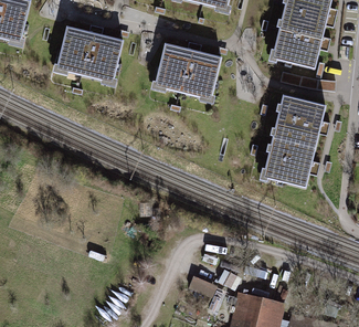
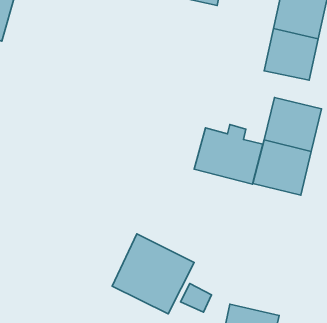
building: [54,21,122,84] -> none
building: [152,40,219,97] -> [194,125,263,184]
building: none -> [112,234,194,314]

